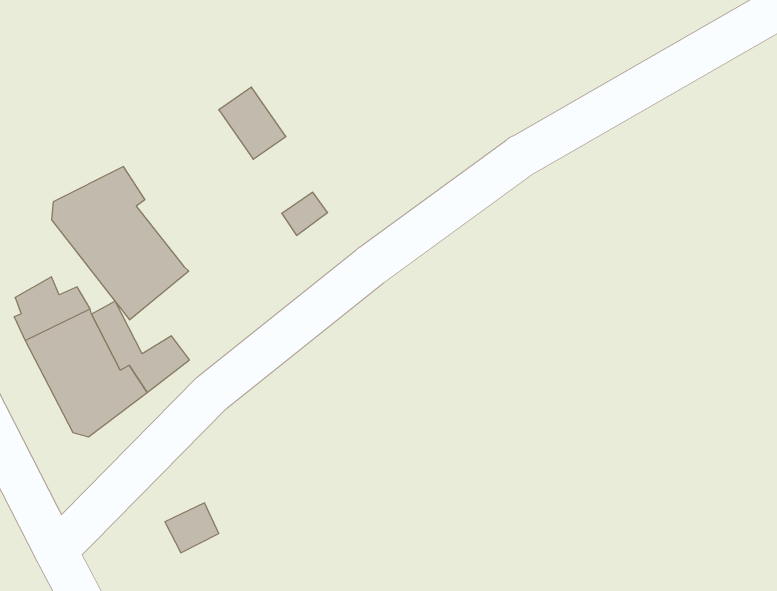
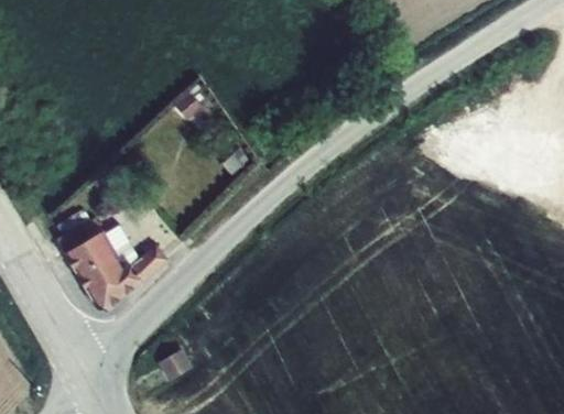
building: [52,166,189,320] -> none

